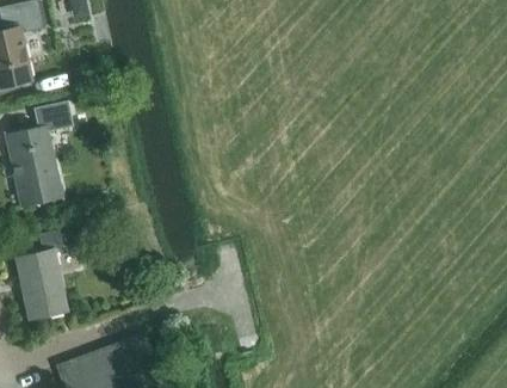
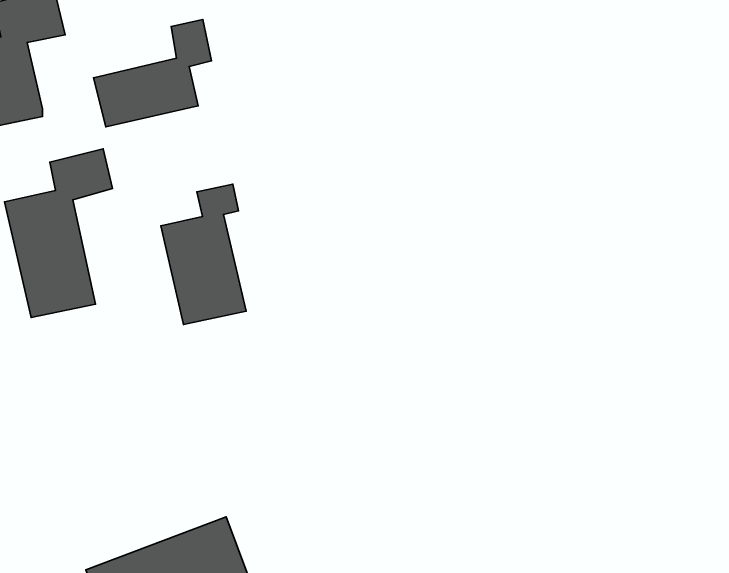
building: none -> [94,20,211,127]
building: [16,230,69,319] -> [161,184,246,324]

